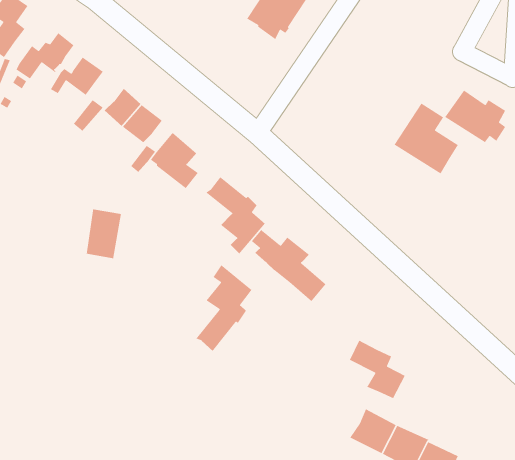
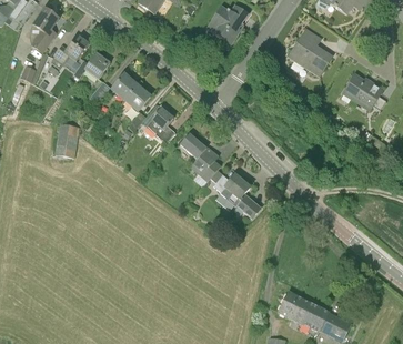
building: [393,102,459,174] -> [286,28,331,77]
building: [86,209,122,259] -> [54,123,79,158]
building: [195,264,252,352] -> none
building: [349,340,406,399] -> none

